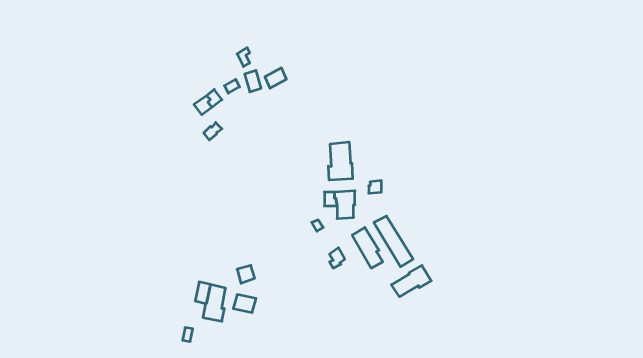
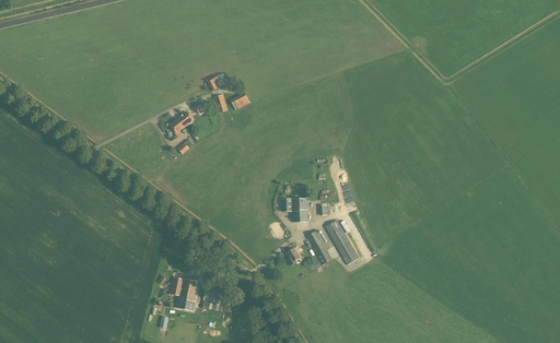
building: [328,142,353,180] -> none
building: [391,265,431,297] -> none

